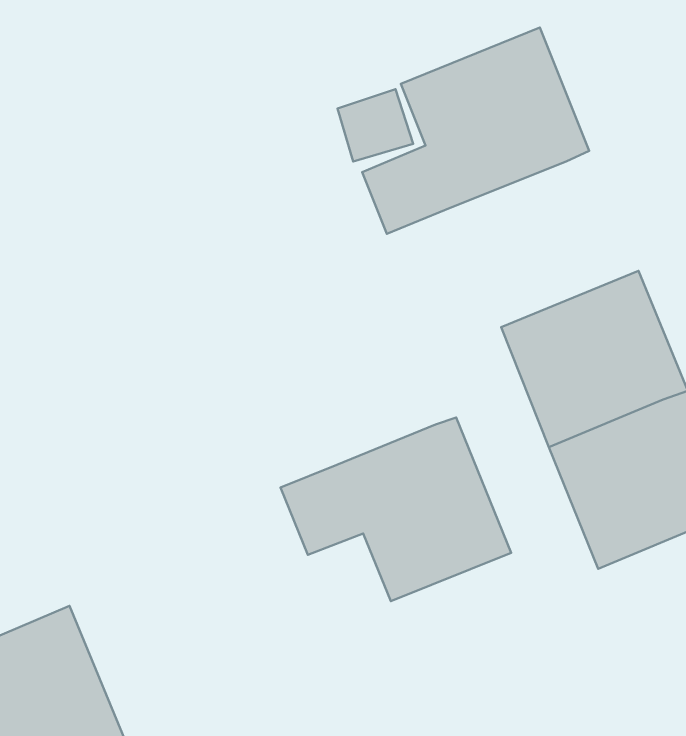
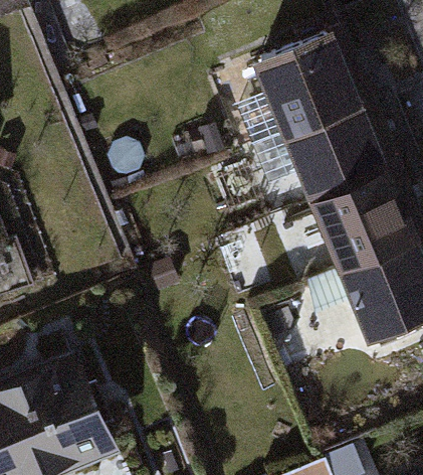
building: none -> [285,108,392,208]
building: [280,418,511,601] -> none

